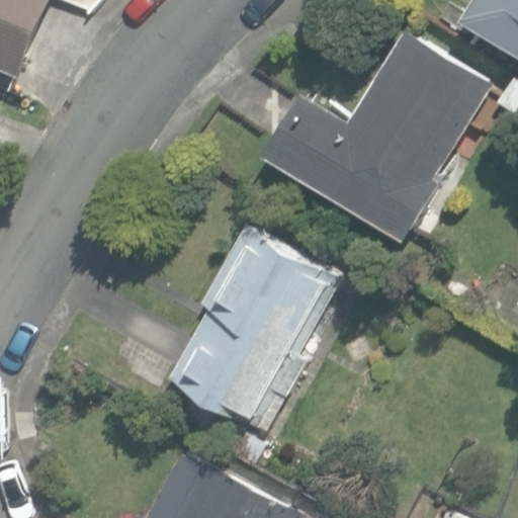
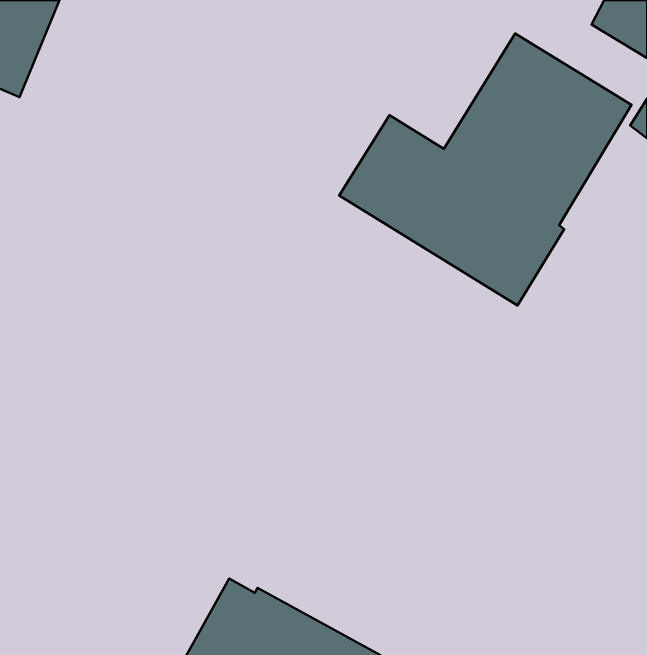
building: [168,227,339,428] -> none

